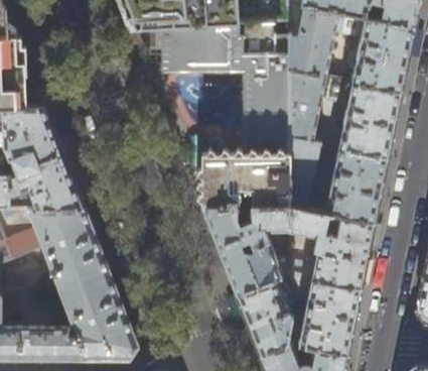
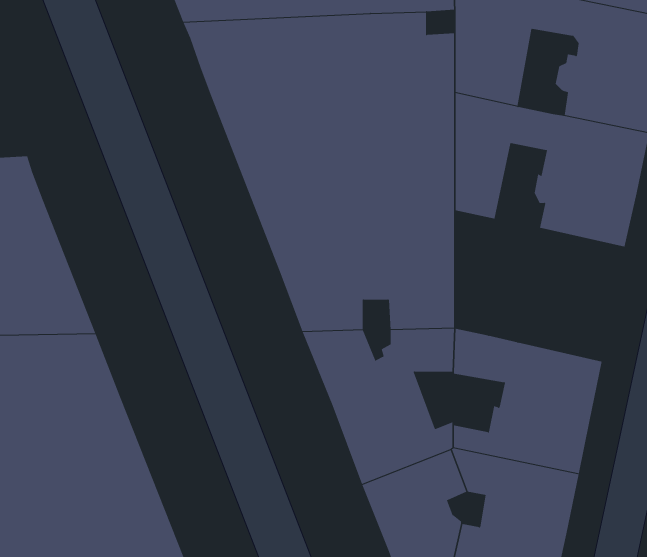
building: [289,139,320,211] -> none
building: [325,149,387,226] -> none

